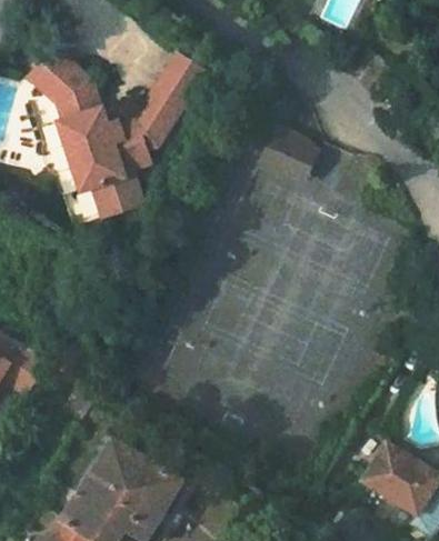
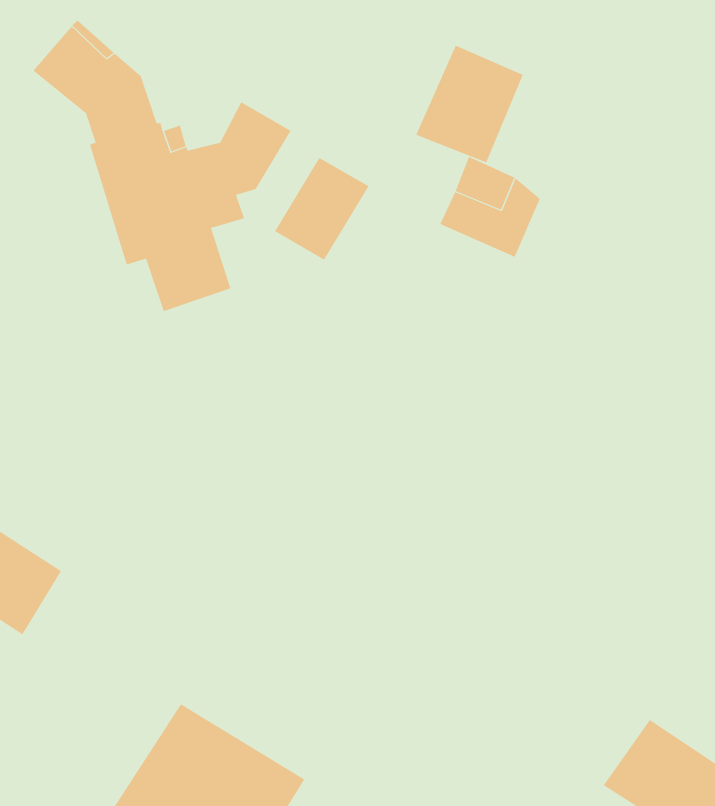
building: [149,51,203,110] -> [274,157,369,260]
building: none -> [416,45,524,163]

